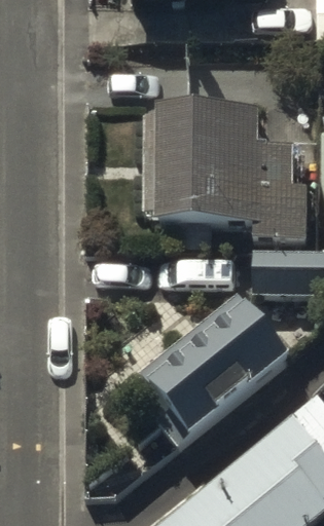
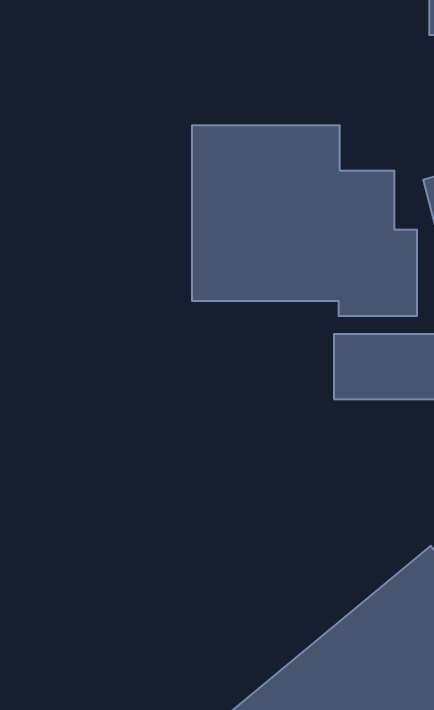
building: [138,288,293,437] -> none

